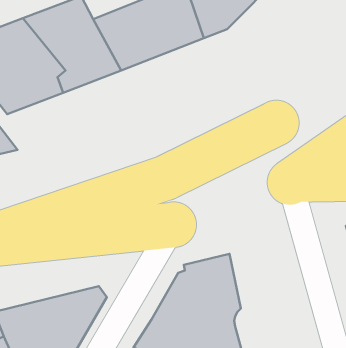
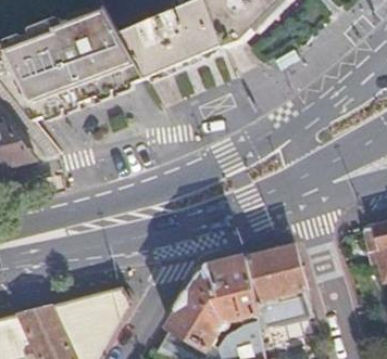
building: none -> [249,245,305,326]

